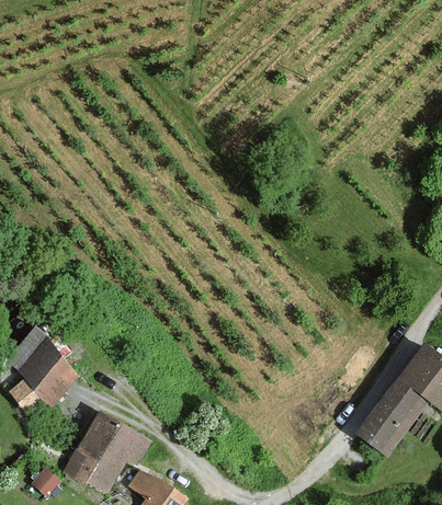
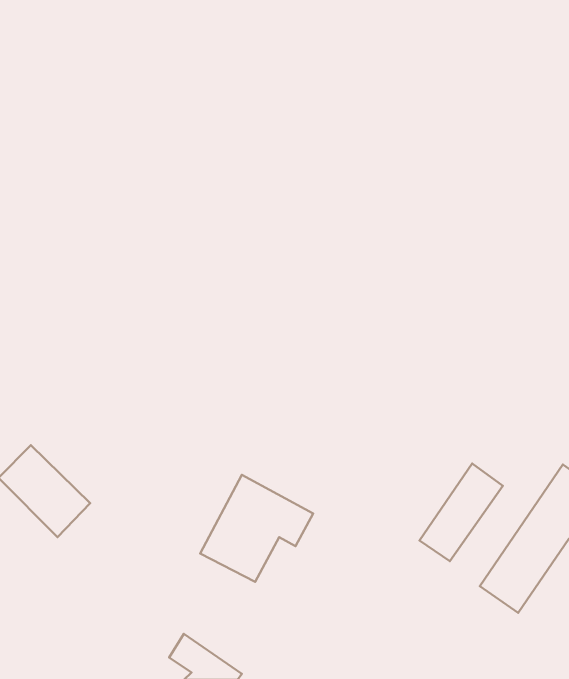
building: none -> [419,464,503,561]
building: [67,414,150,493] -> [200,475,313,582]

